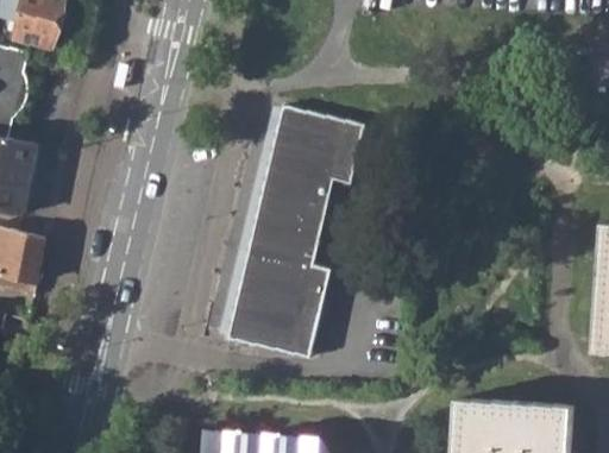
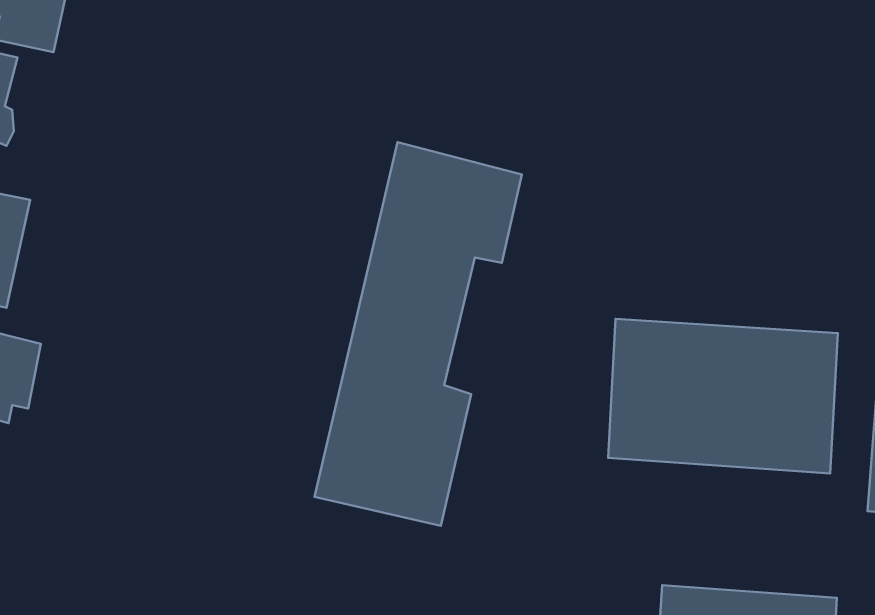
building: none -> [608,319,838,474]

